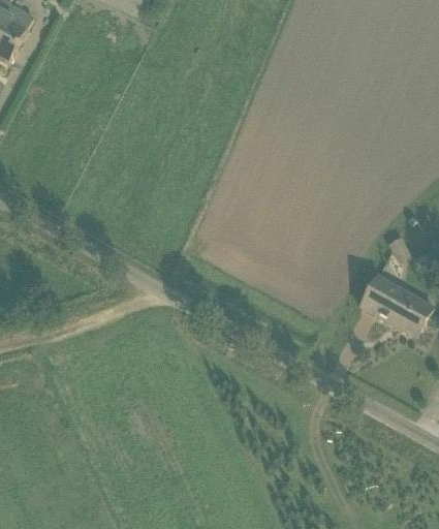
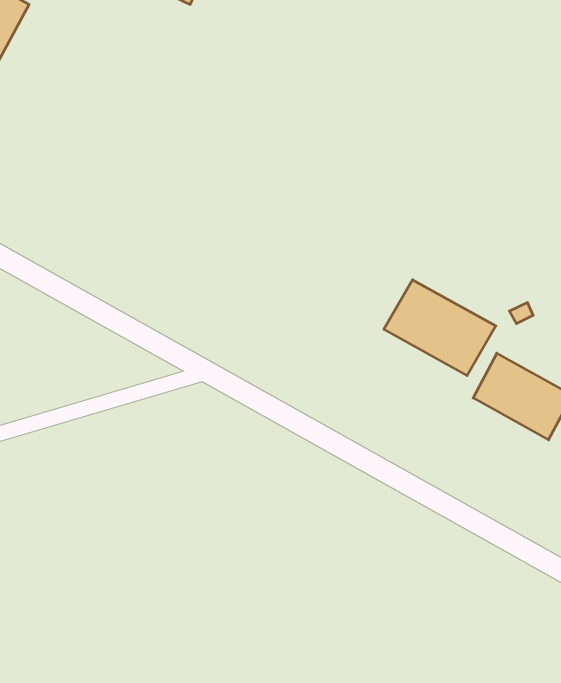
building: none -> [384,280,496,376]

